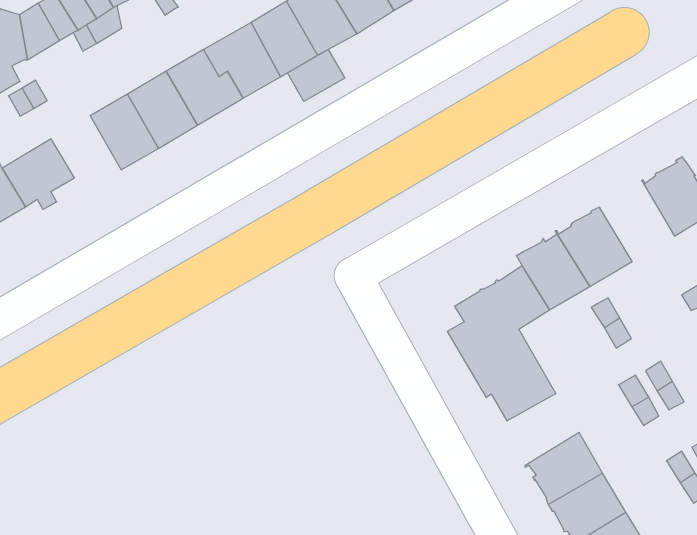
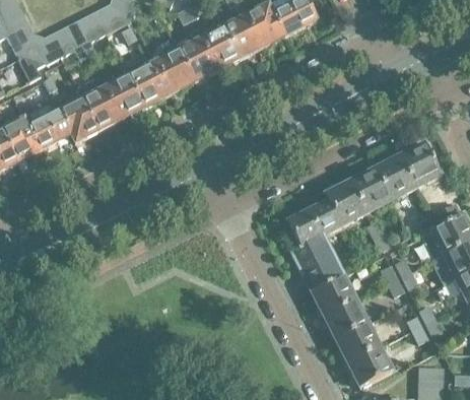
building: [288,49,345,101] -> none
building: none -> [59,97,98,142]
building: none -> [375,153,417,200]
building: none -> [311,274,355,315]

